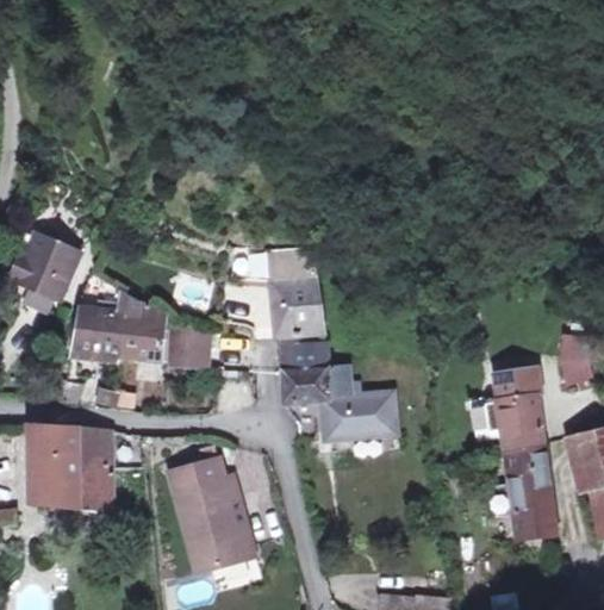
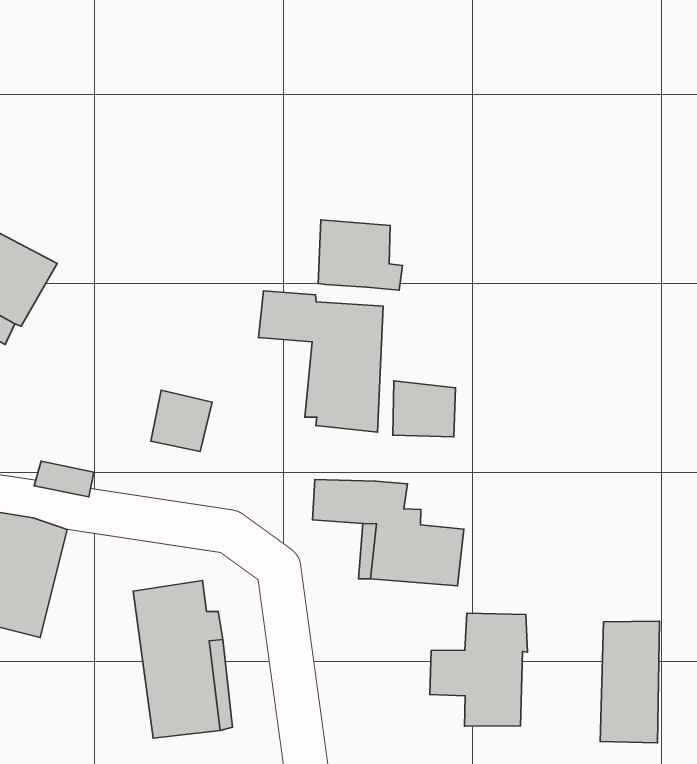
building: none -> [318,220,402,290]
building: [73,274,167,362] -> none
building: [282,337,330,376] -> [393,381,456,437]
building: [473,363,543,448] -> [430,613,527,726]

